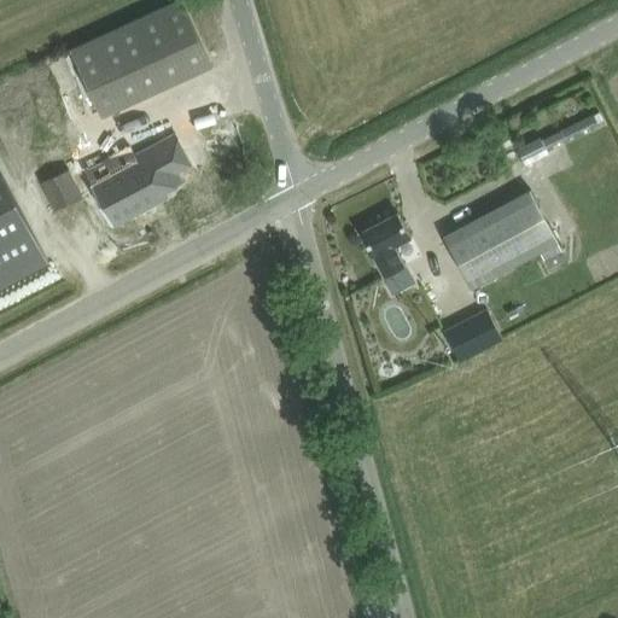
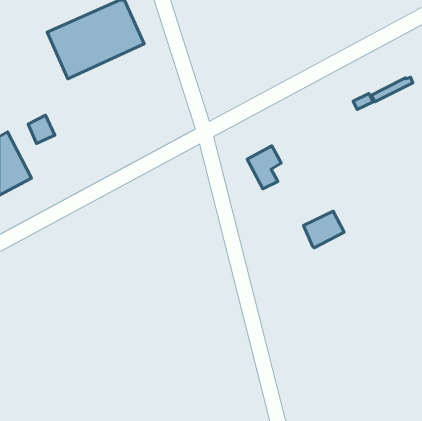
building: [97,128,199,220] -> none
building: [442,193,556,291] -> none

